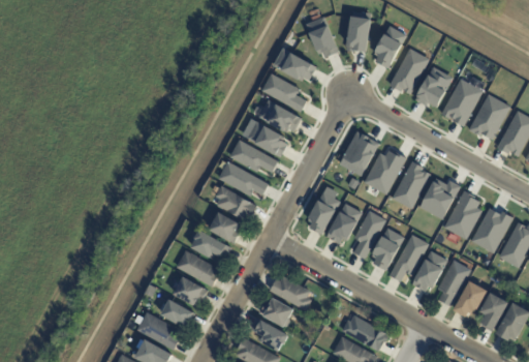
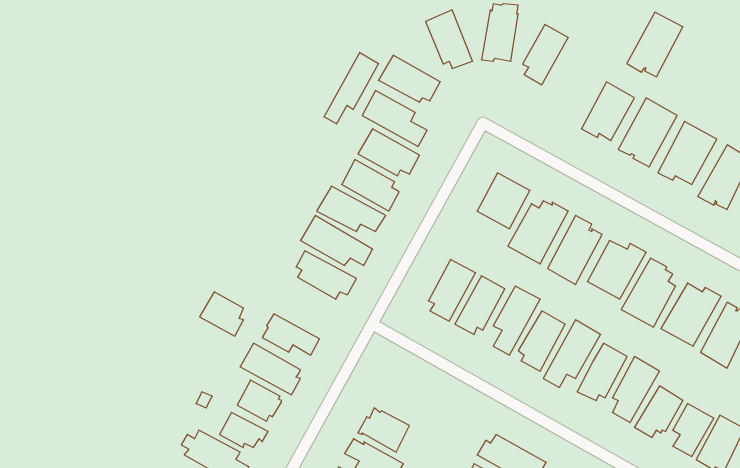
building: none -> [324,52,379,124]
building: [390,49,429,94] -> [627,12,683,77]
building: [209,212,240,243] -> [200,292,244,336]
building: [270,276,310,309] -> none

